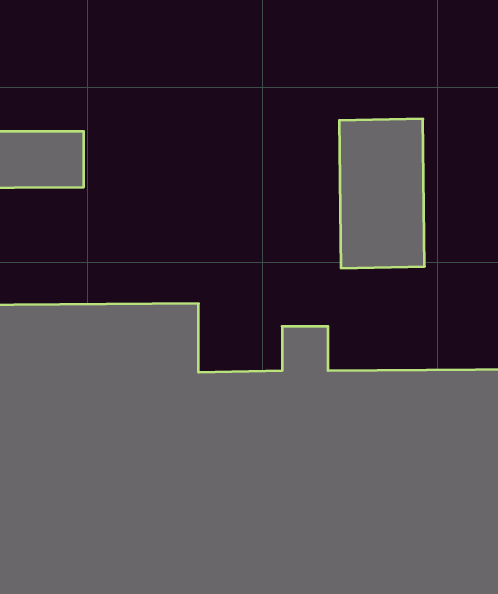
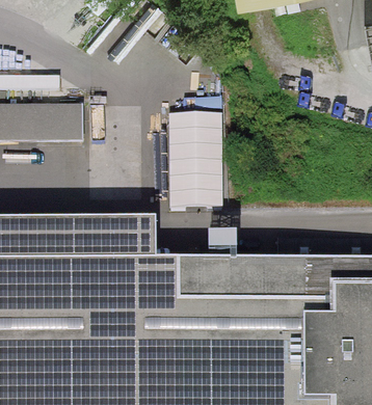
building: [339,119,425,268] -> [169,111,223,206]

